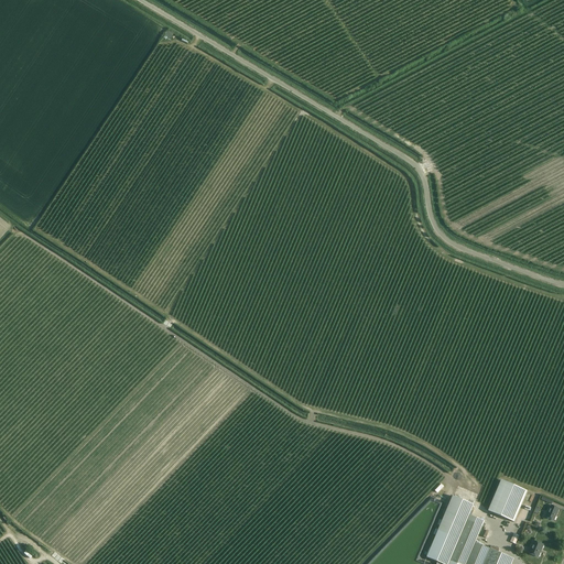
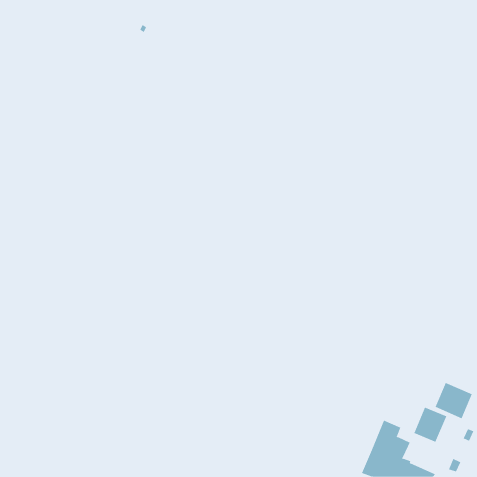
building: none -> [435,382,473,419]

